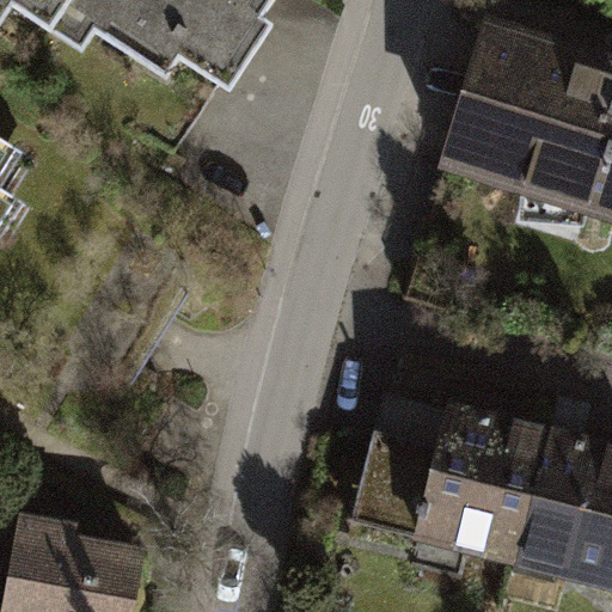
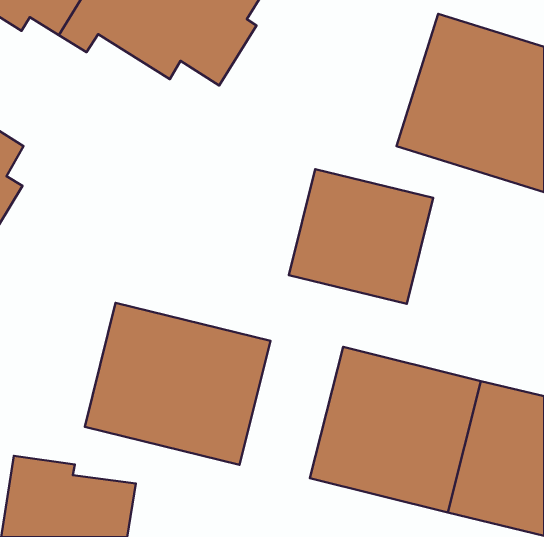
building: none -> [289,169,433,304]
building: none -> [85,303,270,465]

